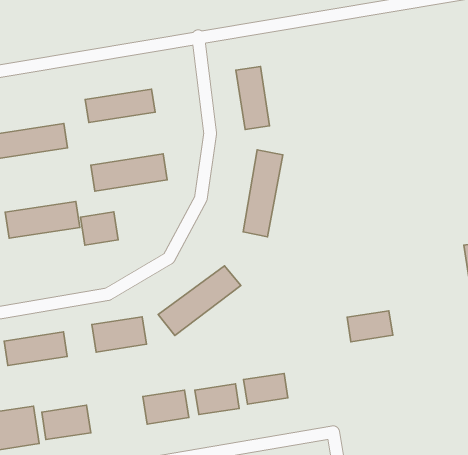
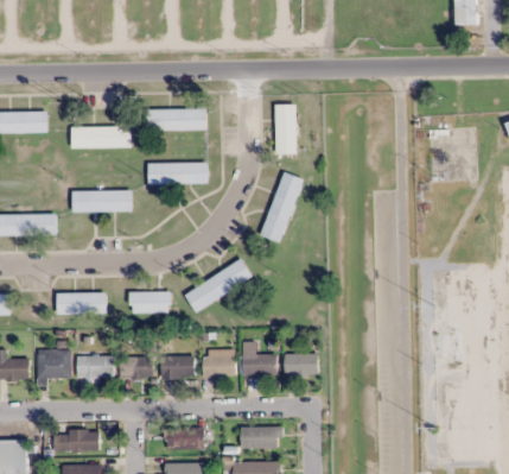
building: [80,212,118,245] -> none
building: [347,311,393,342] -> [284,354,318,374]
building: none -> [120,356,153,378]

